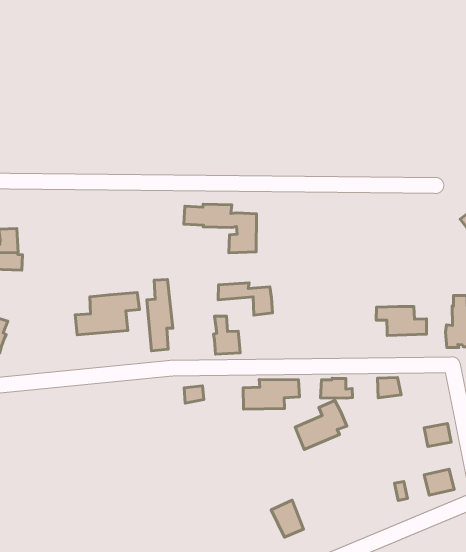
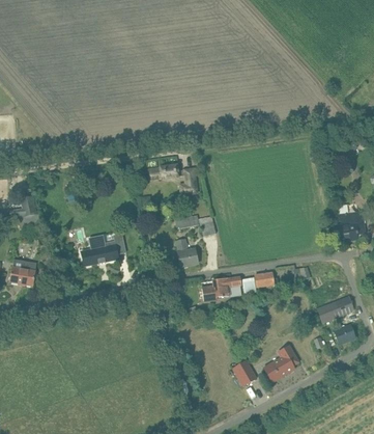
building: [147,279,173,351] -> none
building: [376,306,427,335] -> none
building: [295,401,347,450] -> [263,346,298,382]

